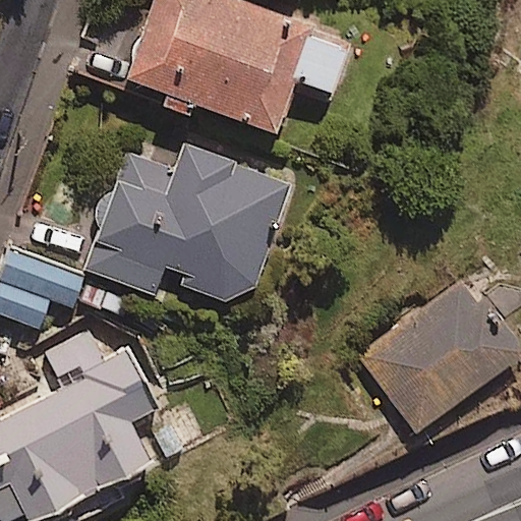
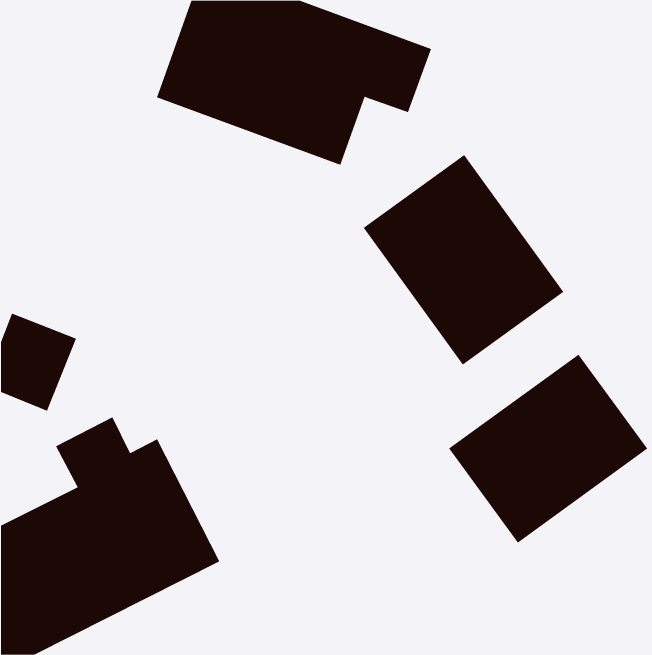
building: none -> [363,154,564,366]
building: [84,146,289,300] -> none

